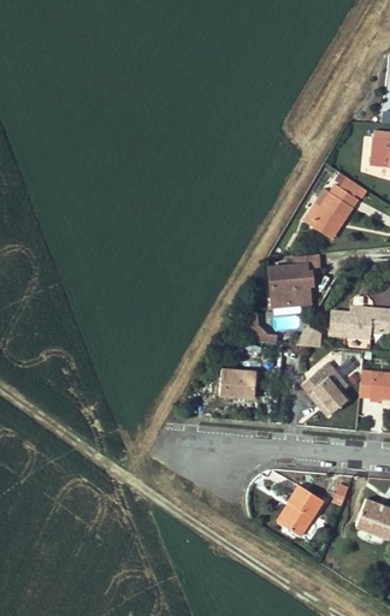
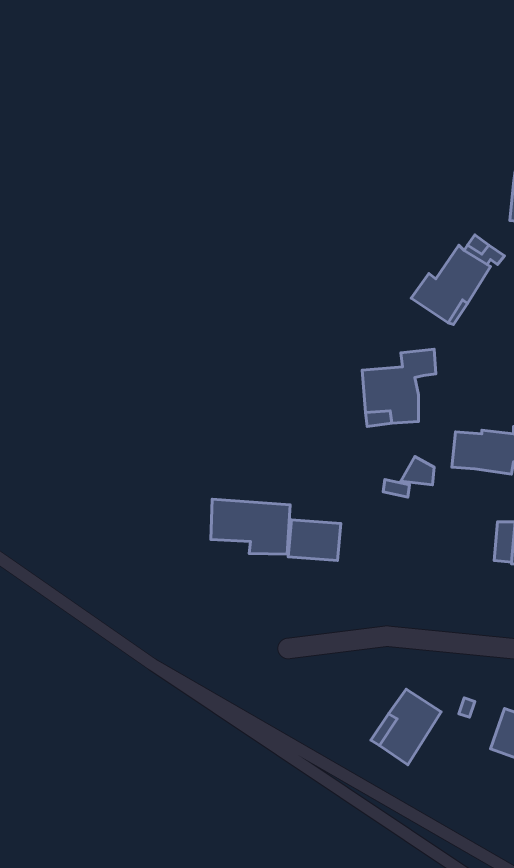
building: none -> [211,499,290,554]
building: [300,372,348,413] -> none

